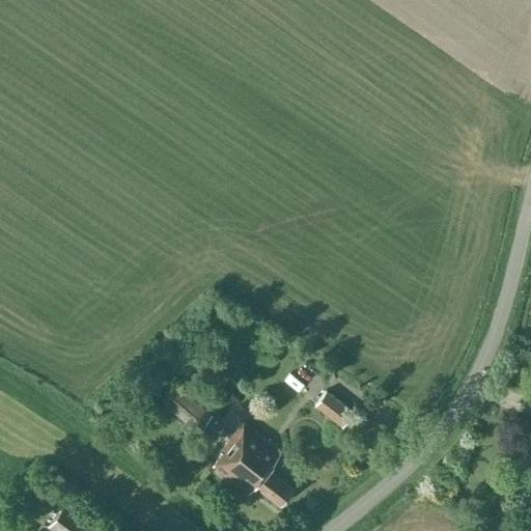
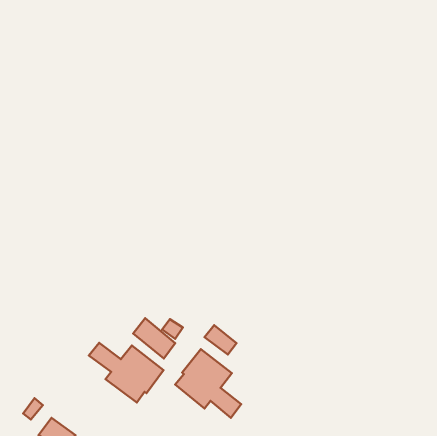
building: [315,393,354,428] -> [205,325,236,354]
building: none -> [89,343,164,402]

